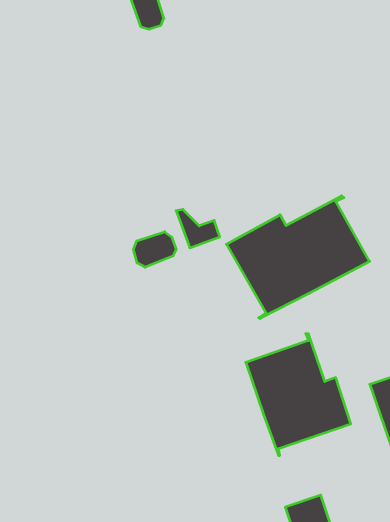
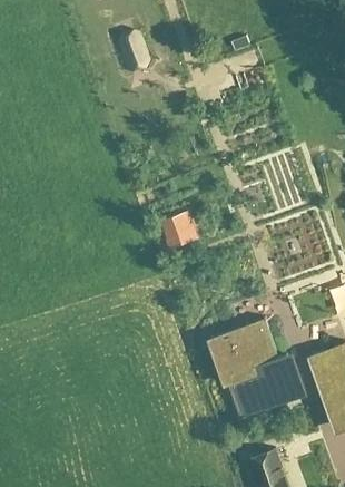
building: [226,196,370,319] -> none
building: [133,232,176,267] -> none

